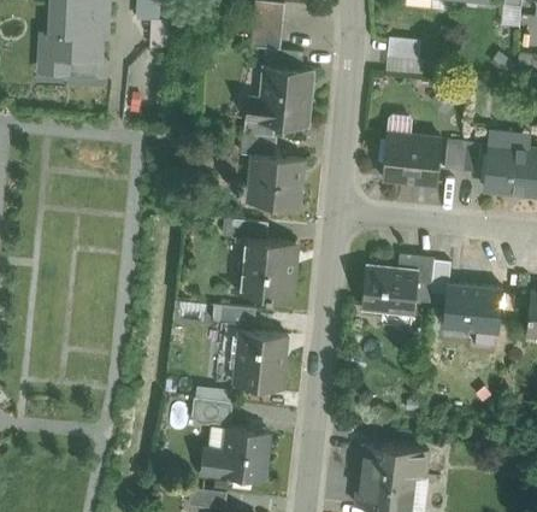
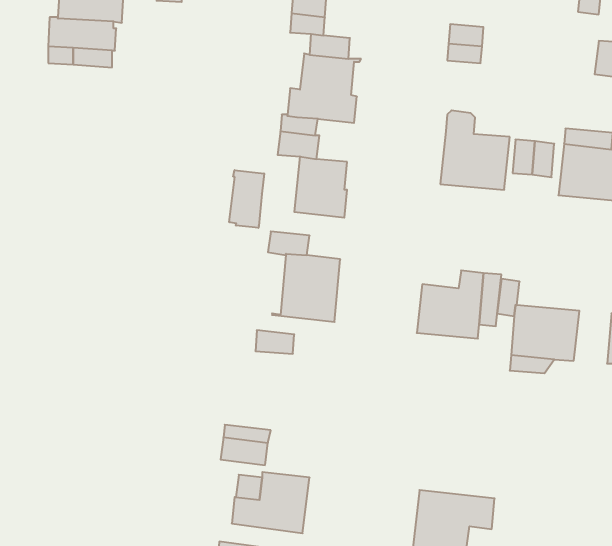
building: none -> [229,170,264,228]
building: [235,331,284,390] -> none

